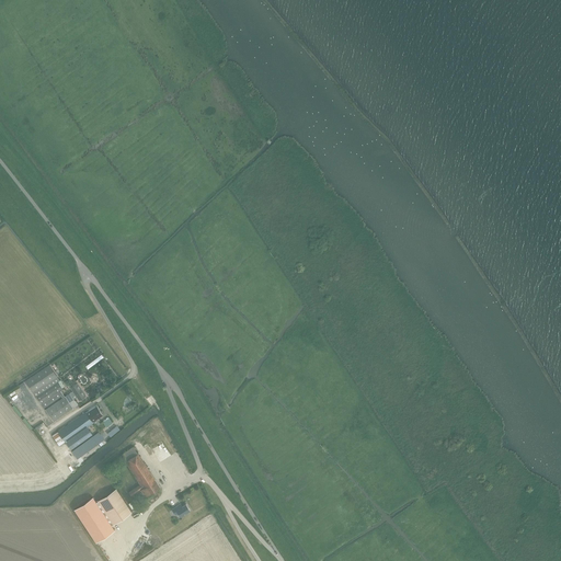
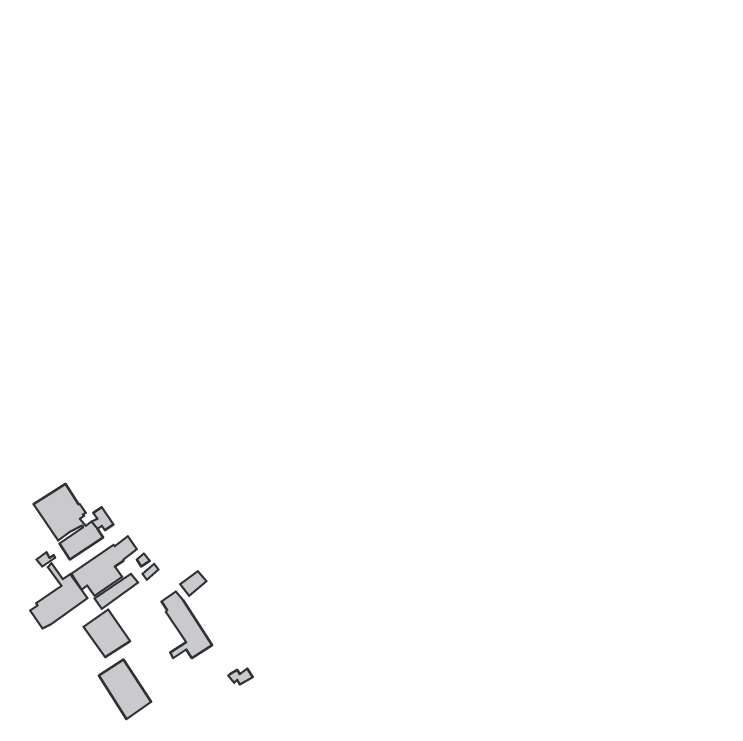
building: none -> [30,563,87,628]
building: [96,490,131,526] -> [84,609,130,657]

